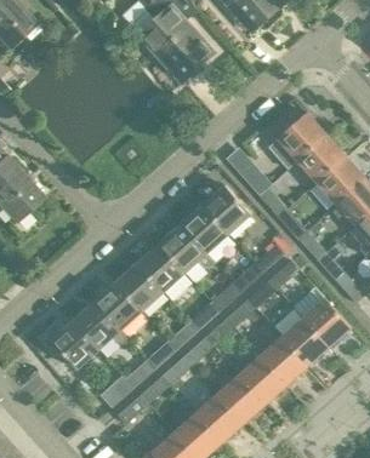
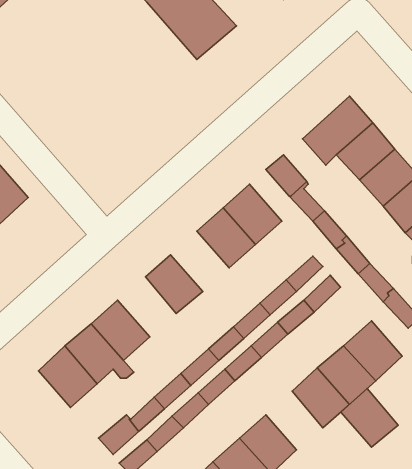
building: [159,223,216,273] -> none
building: [115,261,164,310] -> none
building: [238,355,285,403] -> [341,389,398,447]

